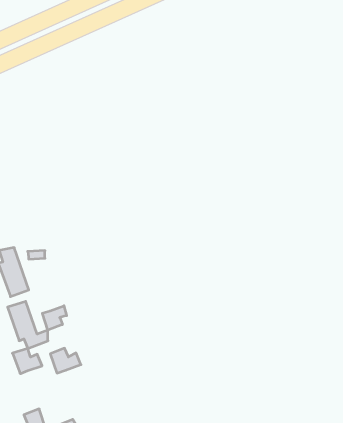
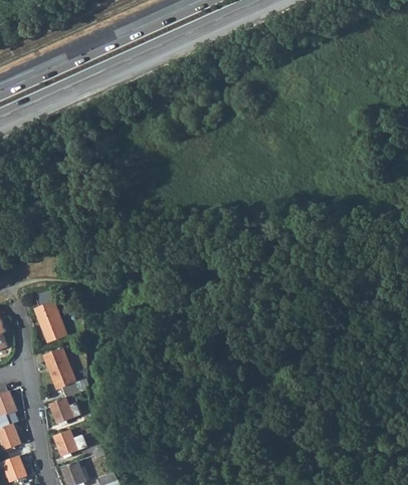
building: [42,306,67,330] -> none
building: [50,348,81,373] -> [54,430,86,456]

